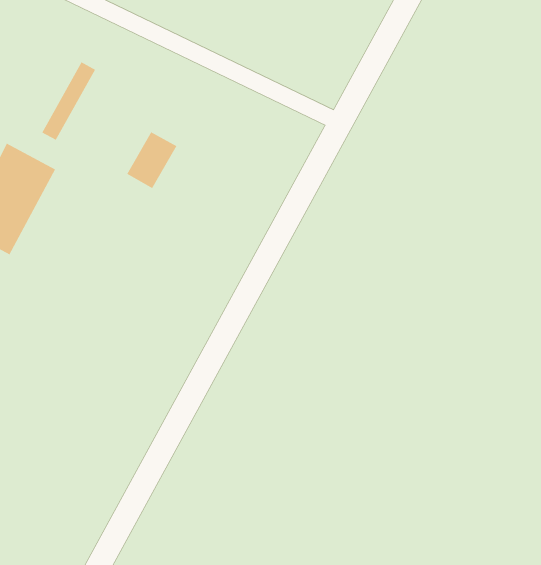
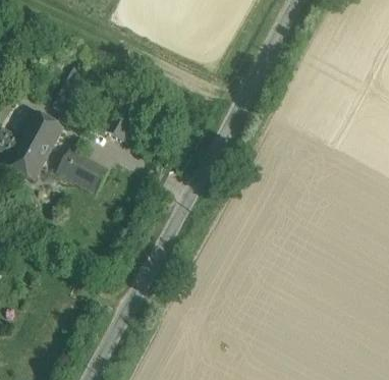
building: none -> [55,150,107,193]

